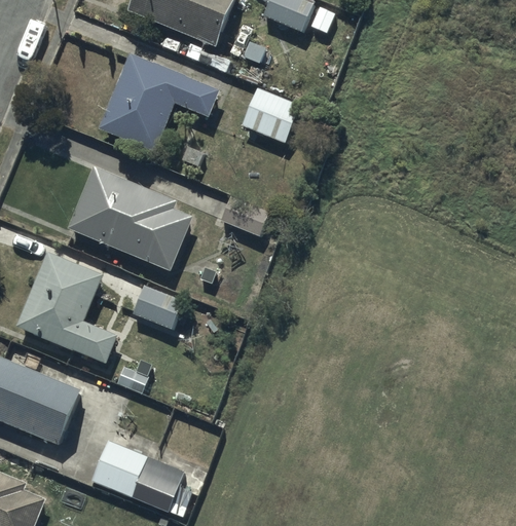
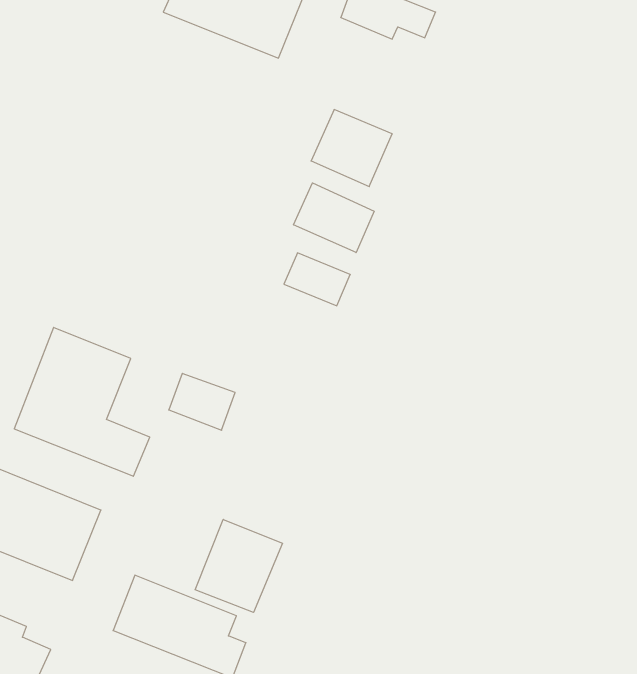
building: [98,53,219,151] -> none
building: none -> [294,183,374,253]
building: [68,166,192,270] -> none
building: none -> [195,519,282,612]

